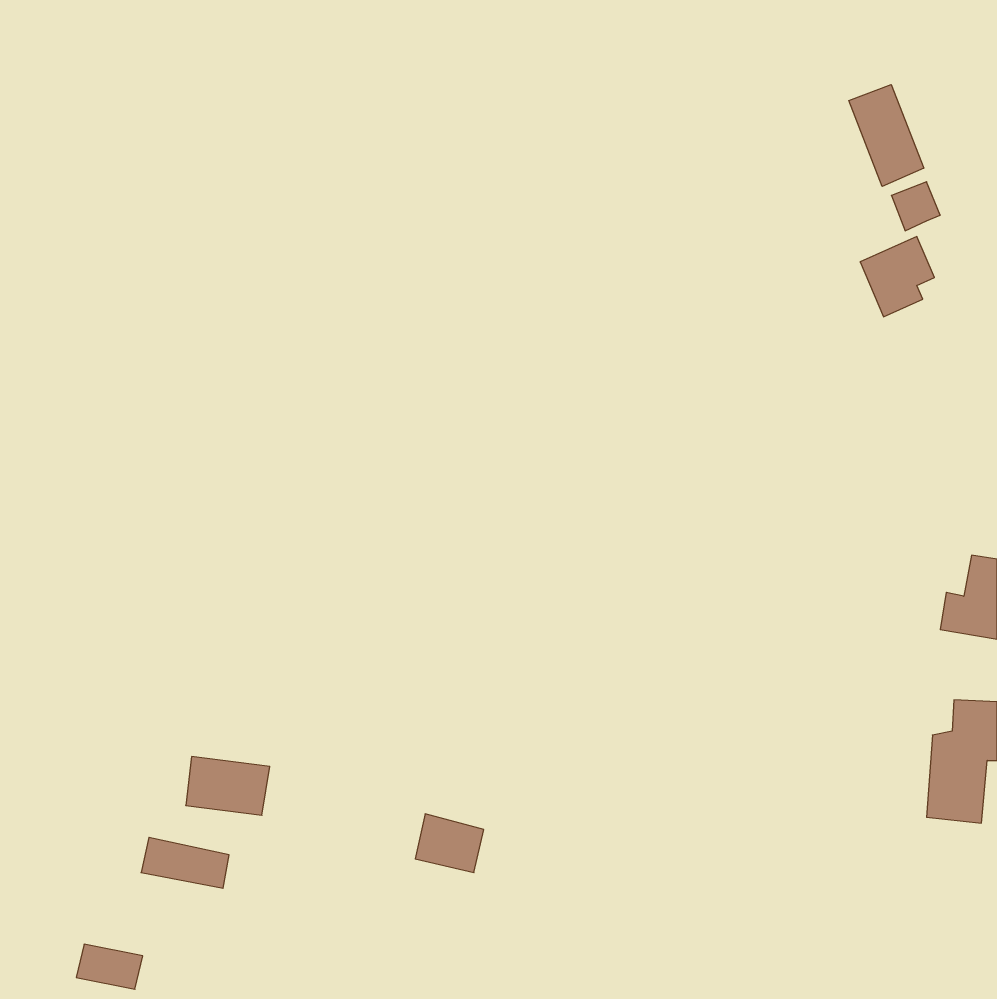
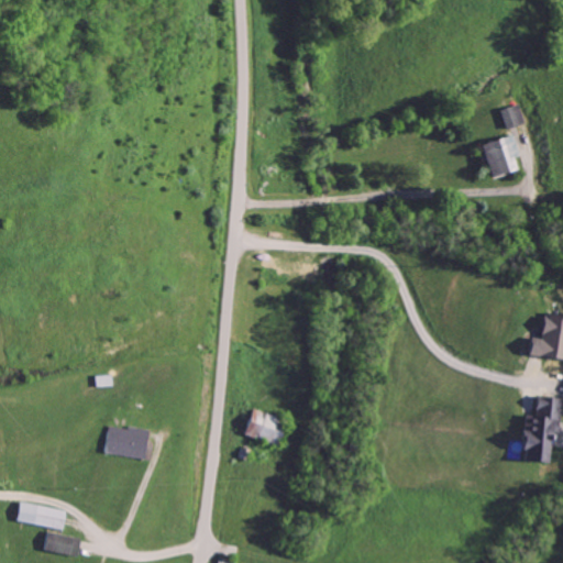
building: [849,85,924,186] -> none
building: [415,814,484,873] -> [244,410,283,443]
building: [141,837,229,888] -> [15,501,65,530]

